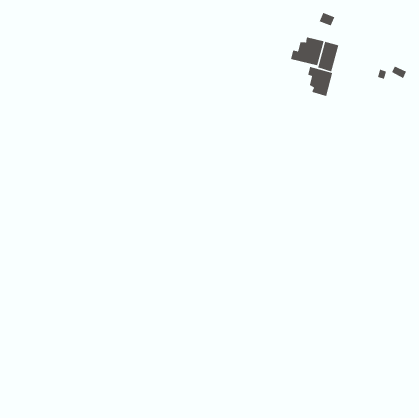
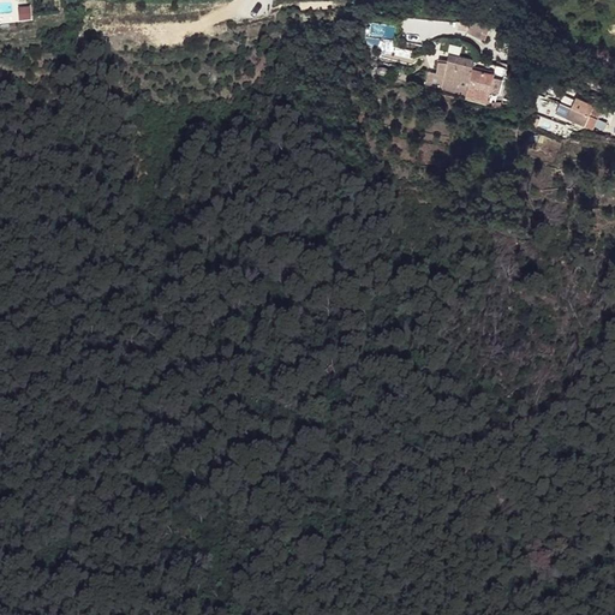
building: [308,66,333,97] -> none

